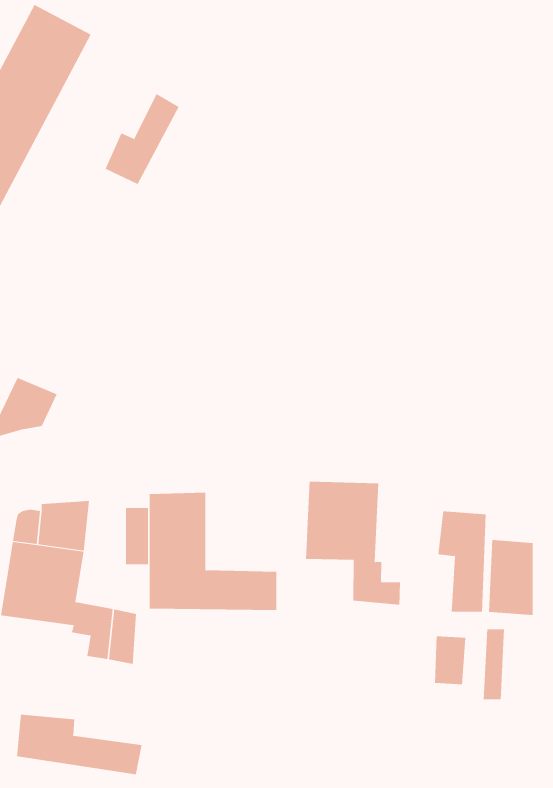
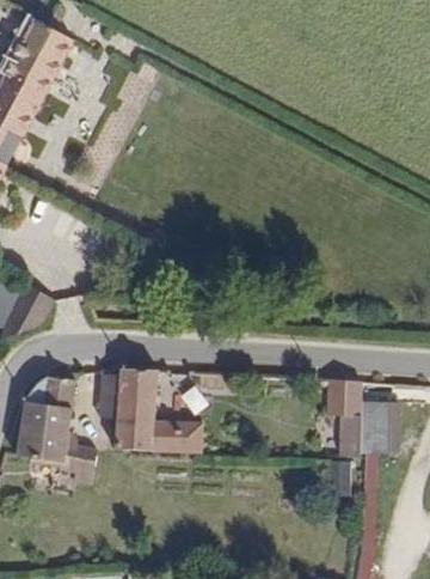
building: [105,93,180,185] -> none
building: [306,481,401,606] -> none
building: [16,714,142,775] -> none

